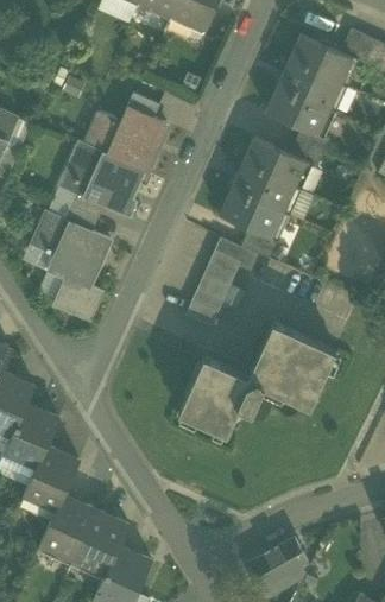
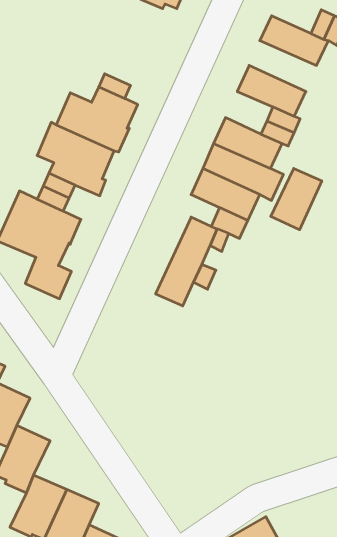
building: [278,59,346,110] -> none
building: none -> [271,168,322,230]
building: [178,321,335,433] -> none

